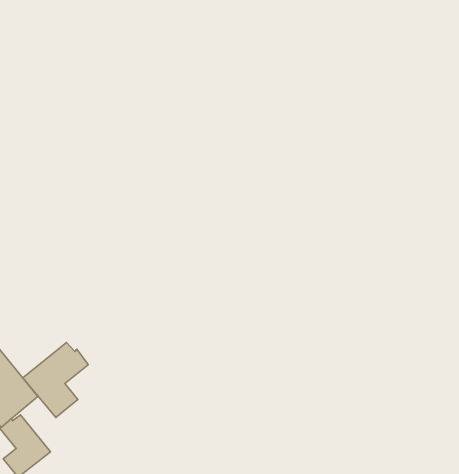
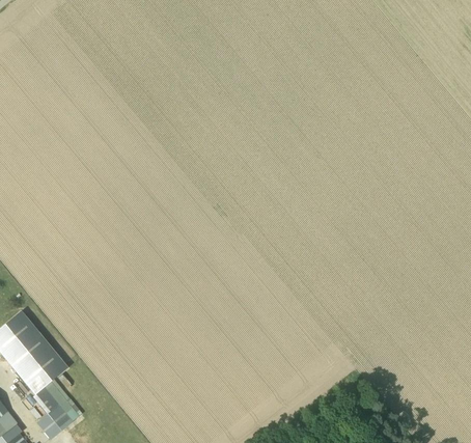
building: [23,342,88,417] -> none

